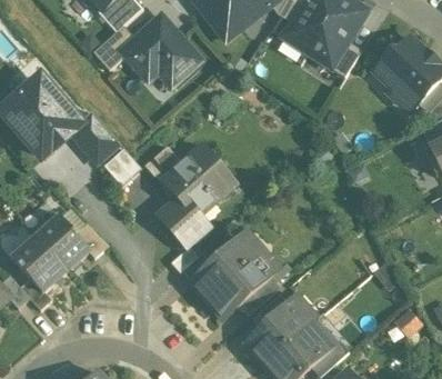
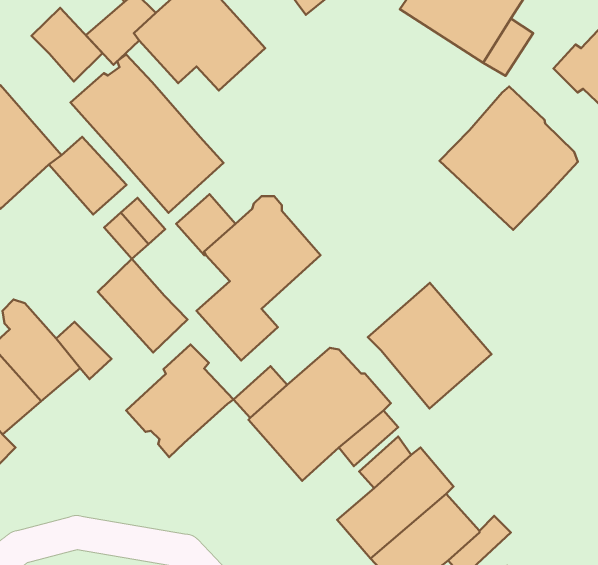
building: none -> [31,8,103,81]
building: none -> [70,54,224,213]
building: none -> [440,87,578,230]
building: none -> [98,259,187,352]
building: none -> [368,283,492,408]
building: none -> [126,345,234,457]

